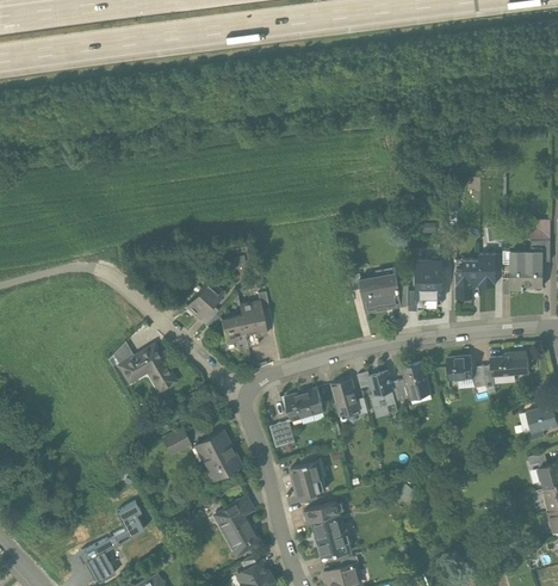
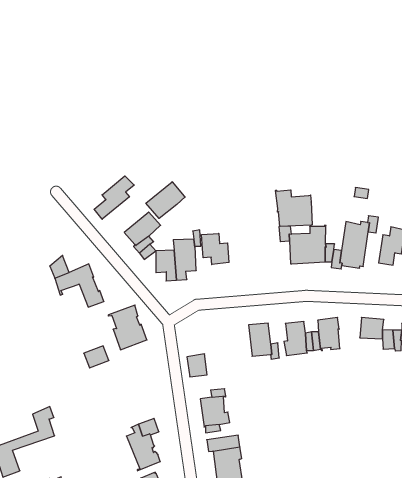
building: none -> [276,190,312,226]
building: none -> [146,182,185,218]
building: none -> [94,176,134,219]
building: none -> [202,233,229,265]
building: [285,388,323,420] -> none
building: [196,430,240,479] -> [108,305,147,350]

